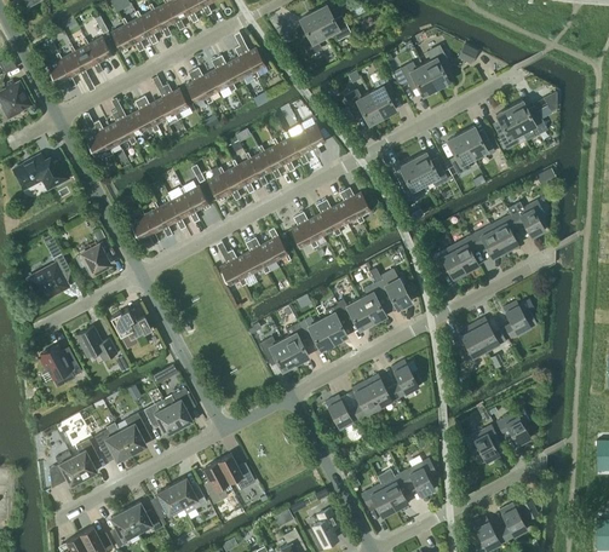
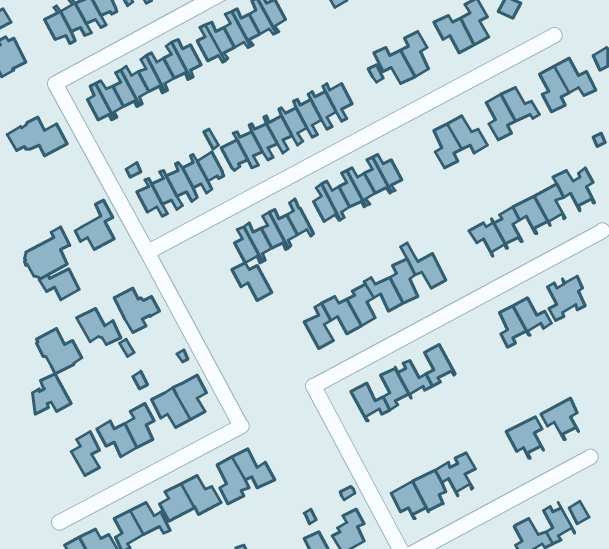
building: none -> [39,269,79,300]
building: [259,337,295,370] -> [232,263,272,300]
building: [48,452,84,488] -> [32,374,71,414]

